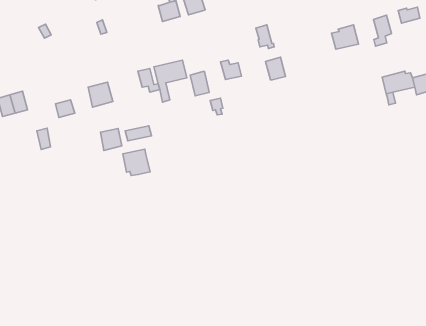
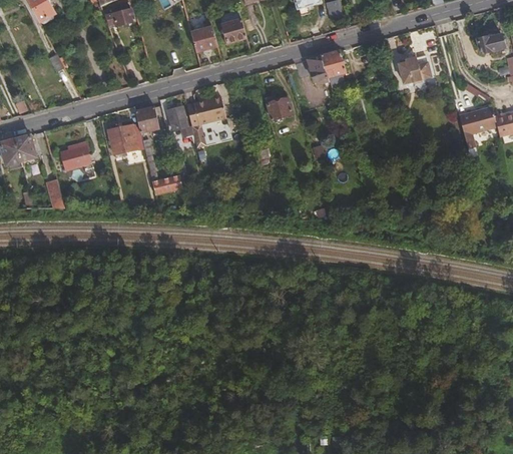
building: [373,15,391,46] -> none
building: [265,57,286,80] -> [321,50,345,77]
building: none -> [135,107,159,132]
building: [190,71,209,96] -> none
building: [101,128,122,151] -> none
building: [123,149,150,176] -> none

